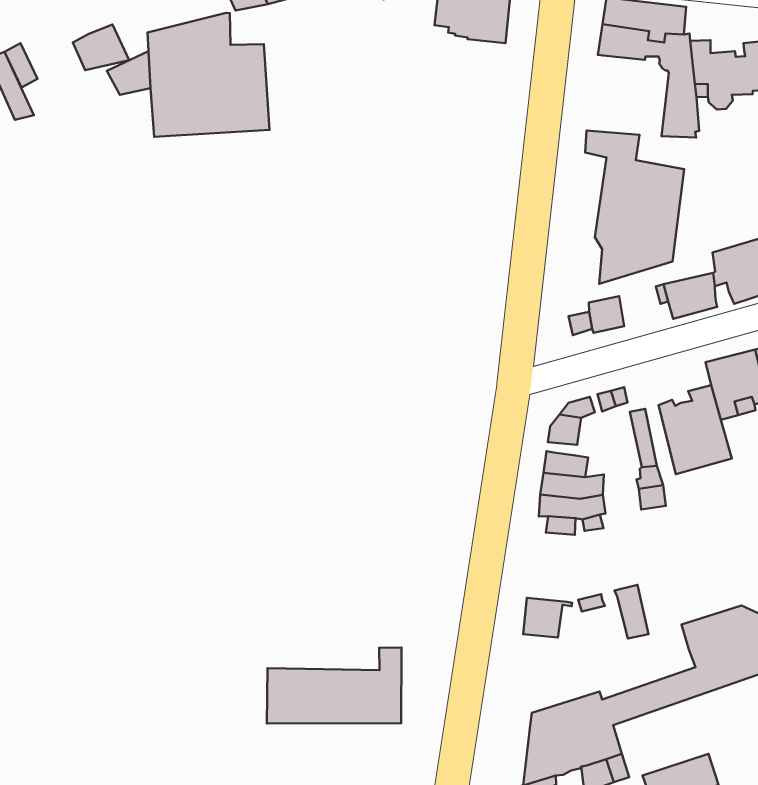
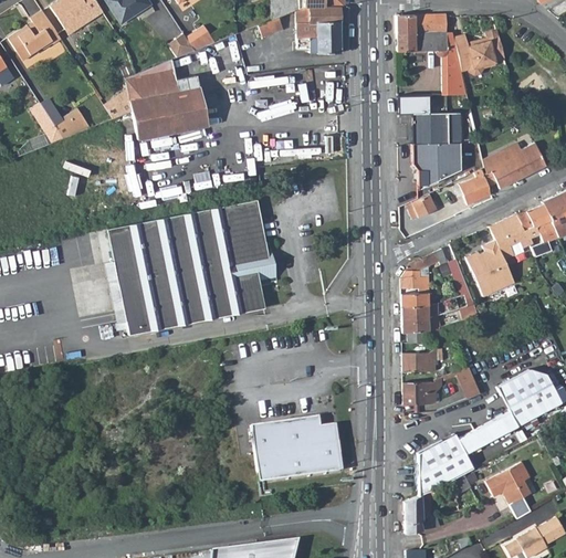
building: [73,24,129,70] -> [55,107,91,137]
building: none -> [107,199,277,335]
building: none -> [403,347,443,371]
building: none -> [251,418,322,448]

